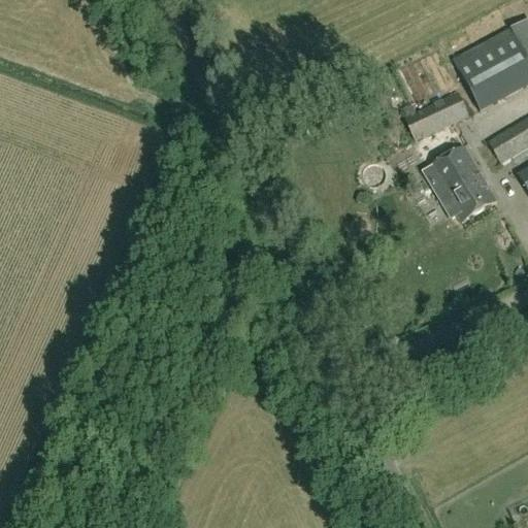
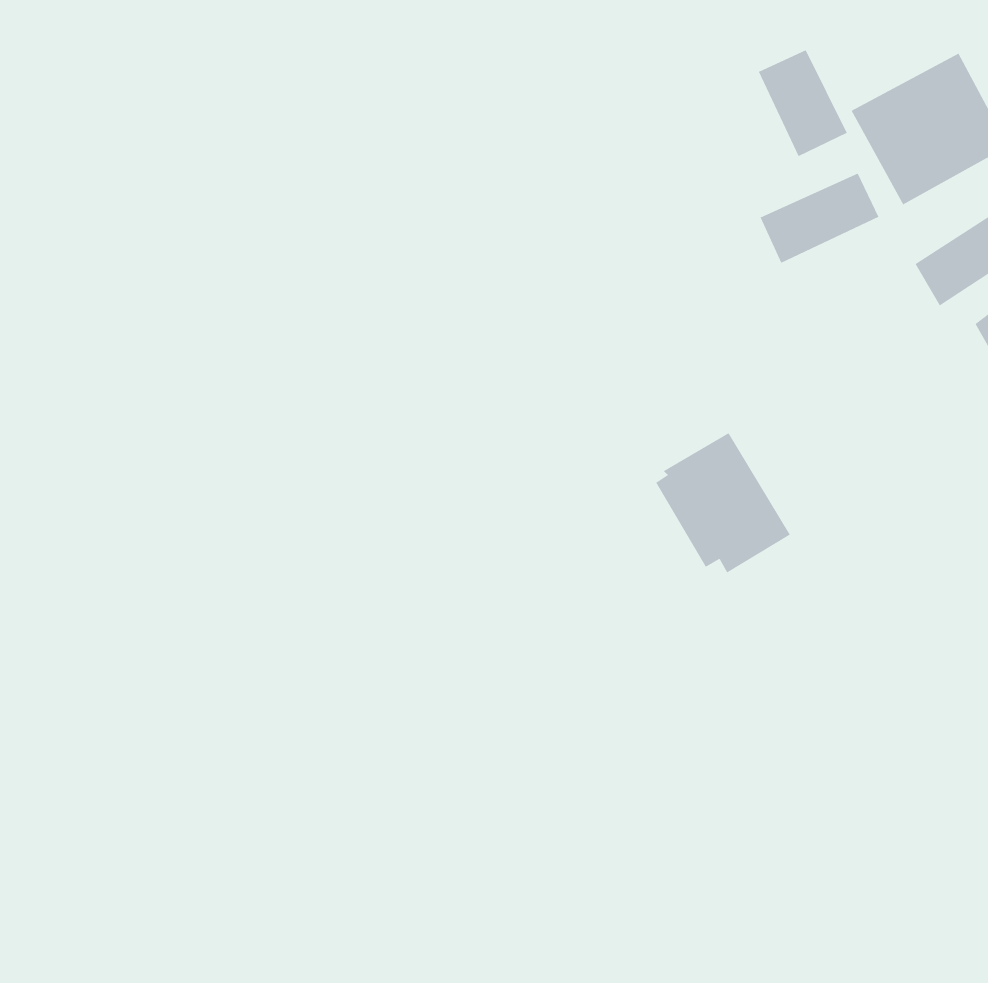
building: none -> [758,49,848,157]
building: [425,145,497,221] -> [655,432,791,574]

